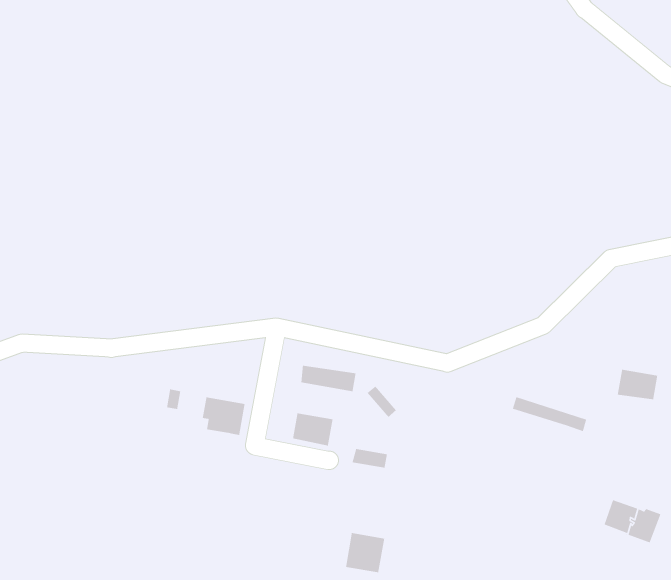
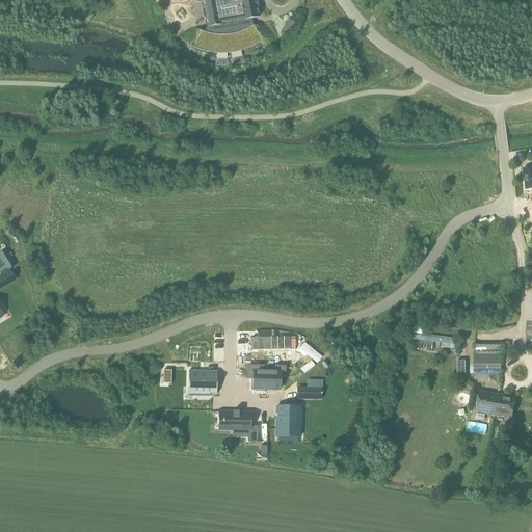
building: [617,369,658,400] -> [476,353,502,372]
building: none -> [218,409,258,441]
building: [345,532,385,573] -> [276,405,300,430]

